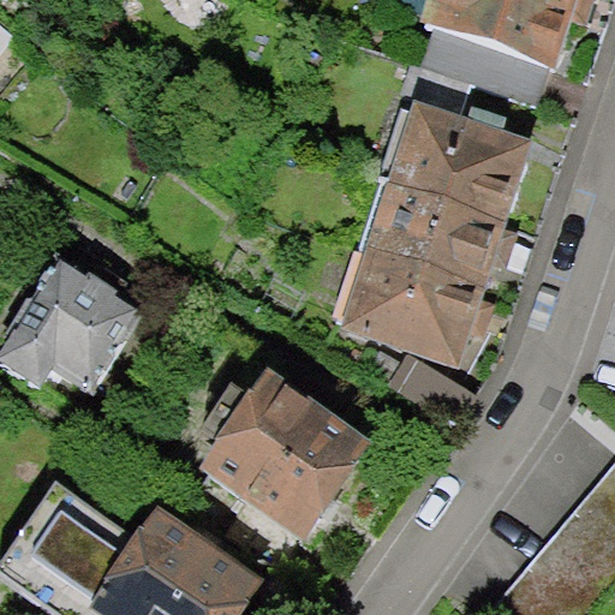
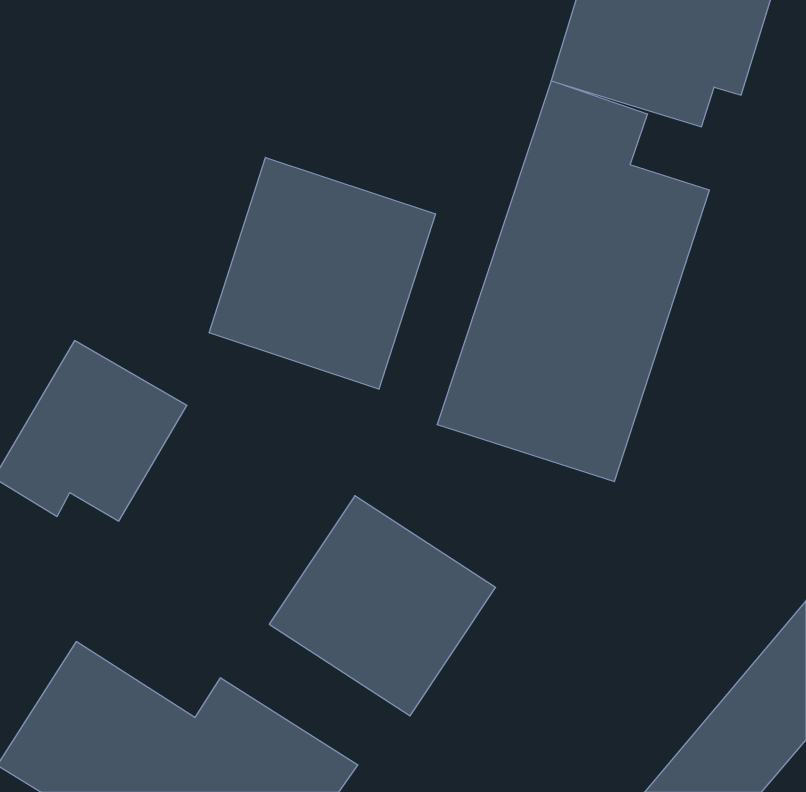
building: none -> [209,157,435,389]

